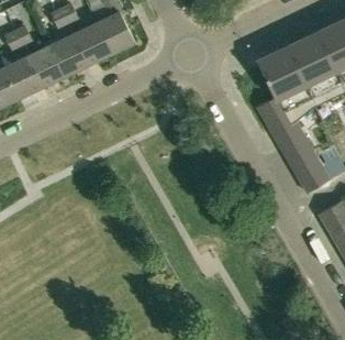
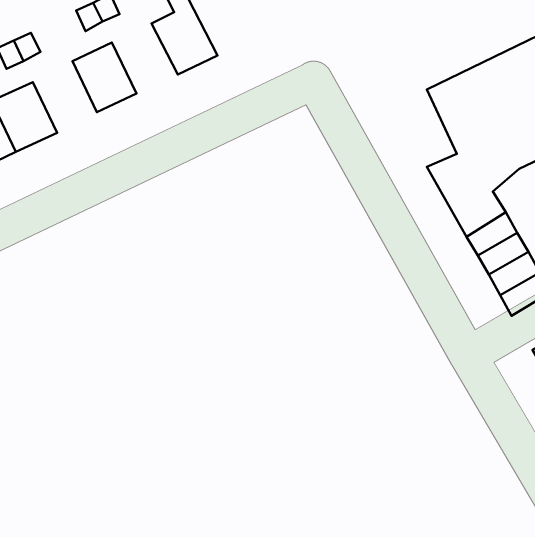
building: [74,22,112,63] -> none
building: [27,44,65,86] -> none

